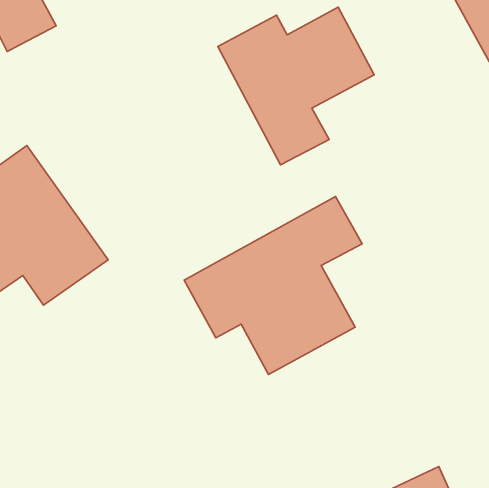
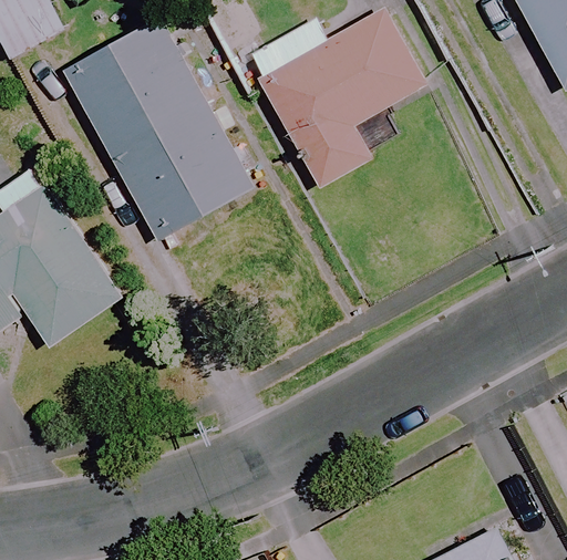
building: none -> [64,20,252,240]
building: [184,196,362,374] -> none

